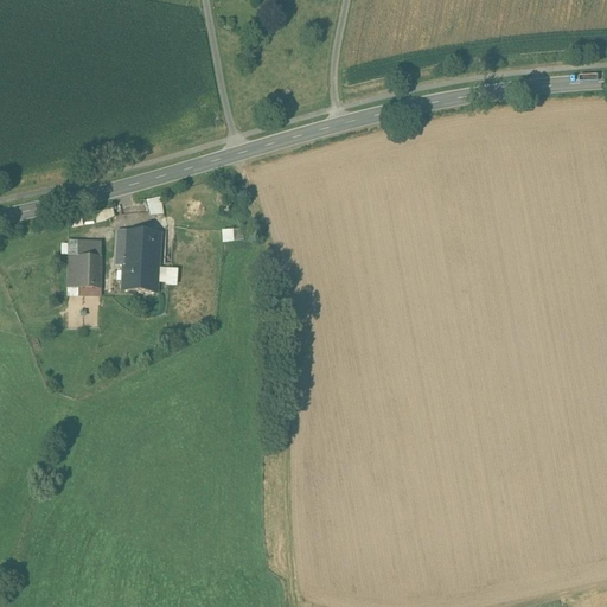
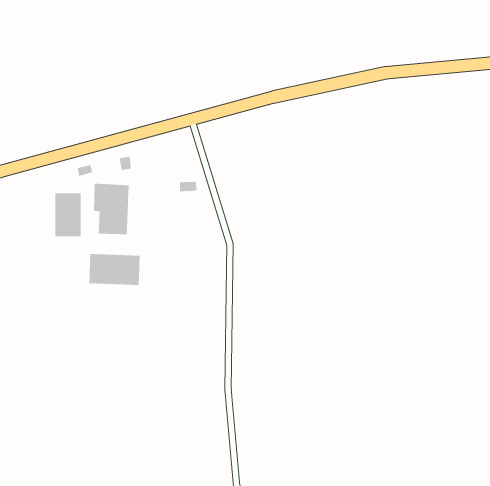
building: none -> [89,253,140,286]

